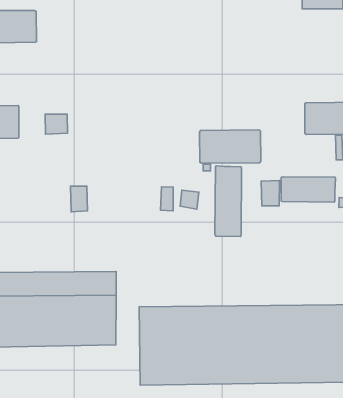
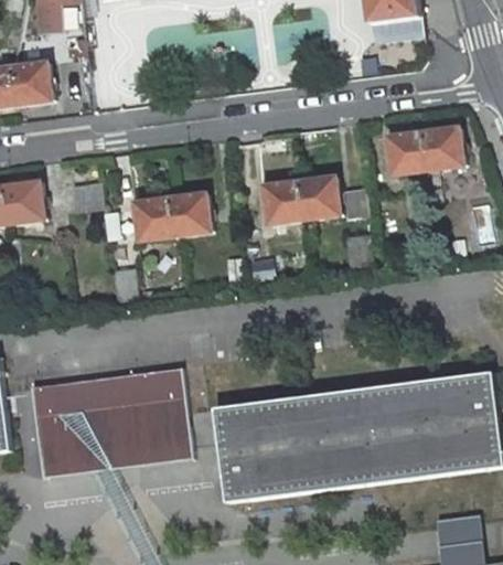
building: none -> [133,193,211,241]
building: [215,166,242,236] -> none
building: [281,177,336,202] -> none

